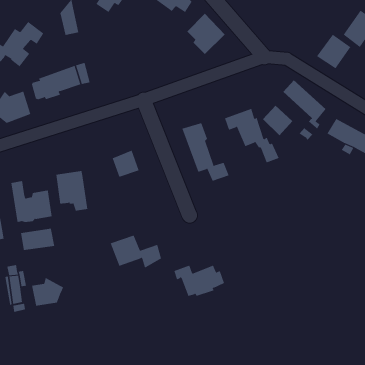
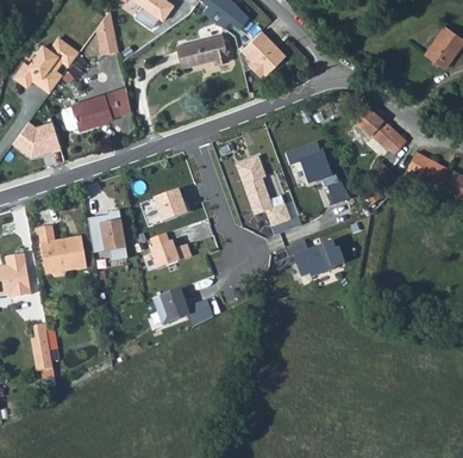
building: none -> [176,33,231,68]
building: [316,34,351,69] -> none
building: [262,105,293,136] -> none
building: none -> [150,231,193,268]
building: [21,228,55,251] -> none
building: [174,265,225,297] -> [287,239,346,276]
building: [32,277,64,306] -> none

